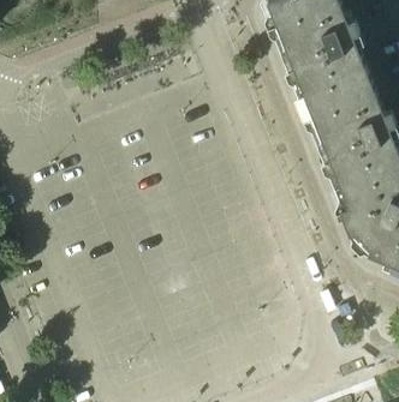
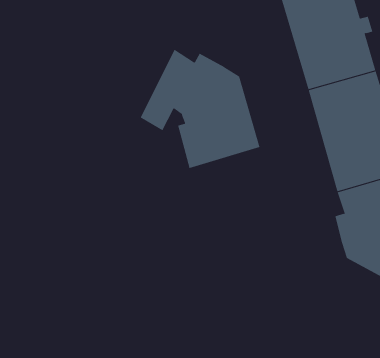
building: none -> [140,49,260,169]

